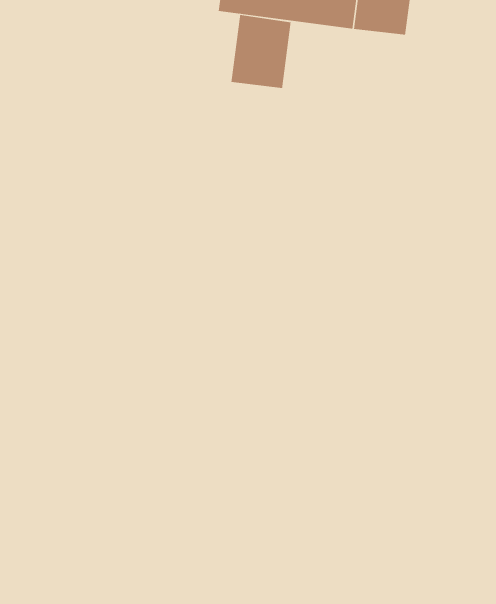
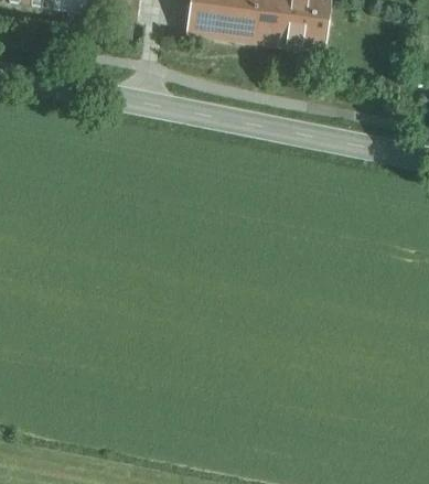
building: [231,14,291,89] -> none

